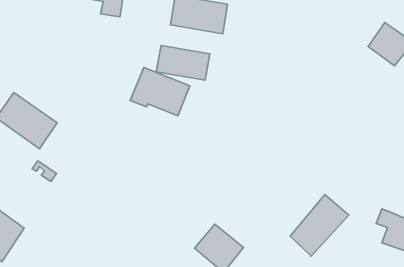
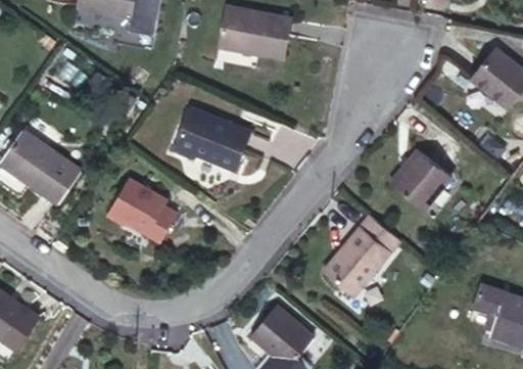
building: [156,45,210,80] -> none
building: none -> [391,147,454,206]
building: none -> [103,180,173,240]
building: [290,194,349,256] -> [320,215,394,293]

